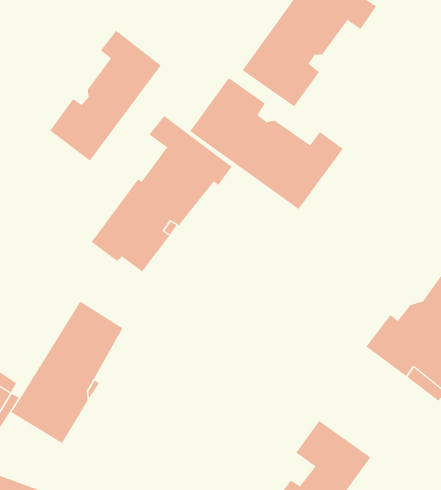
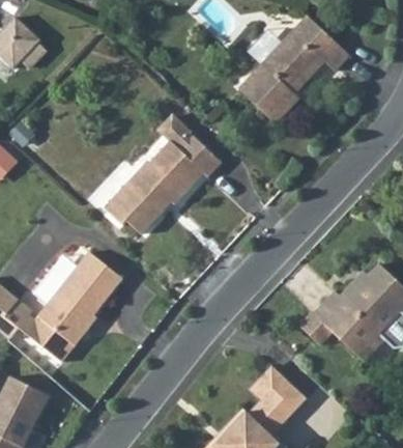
building: [49,30,162,162] -> none
building: [189,77,344,210] -> none

